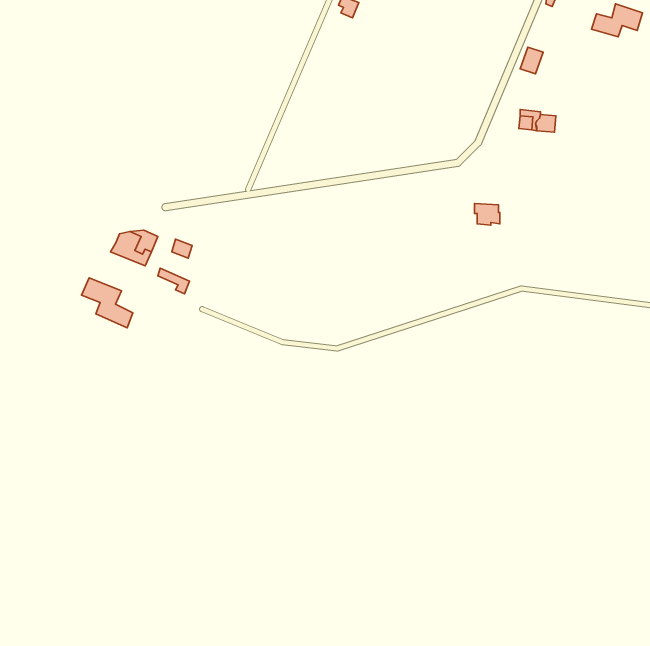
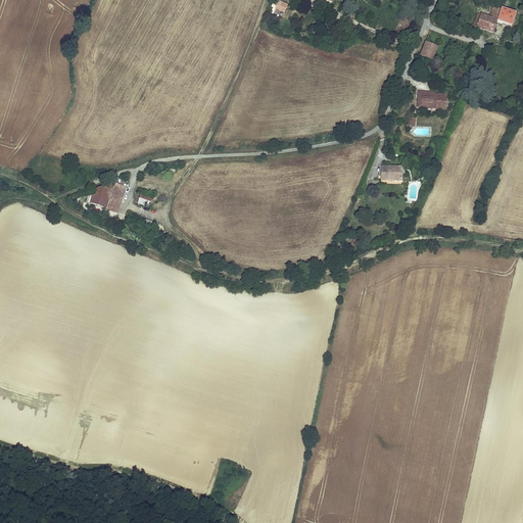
building: [82,278,133,328] -> none

